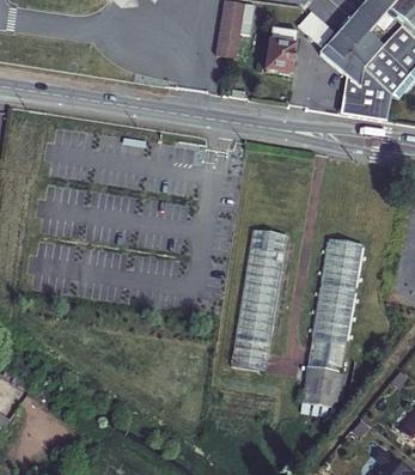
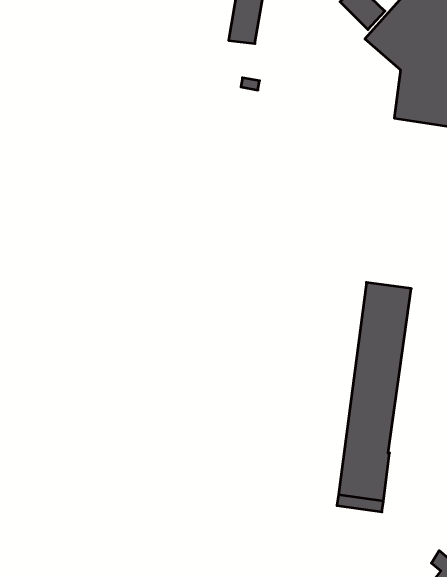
building: [268,25,301,71] -> none
building: [230,229,283,371] -> none

